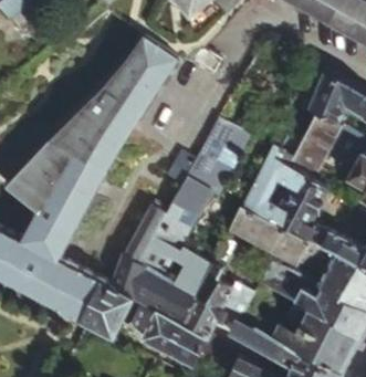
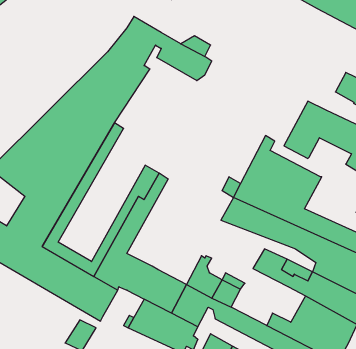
building: [302,76,349,127] -> none
building: [138,124,251,277] -> none
building: [168,251,211,295] -> none

